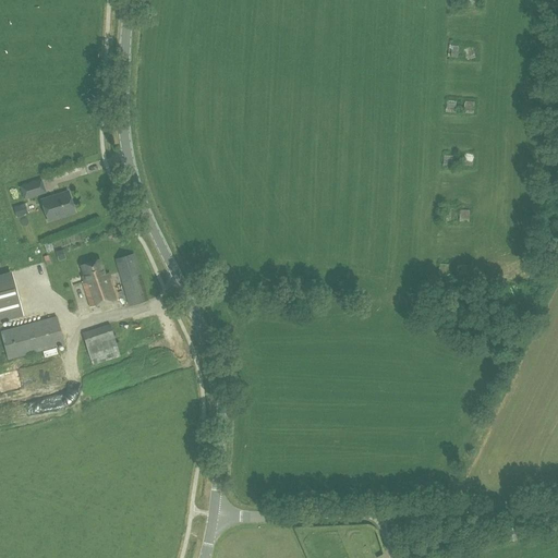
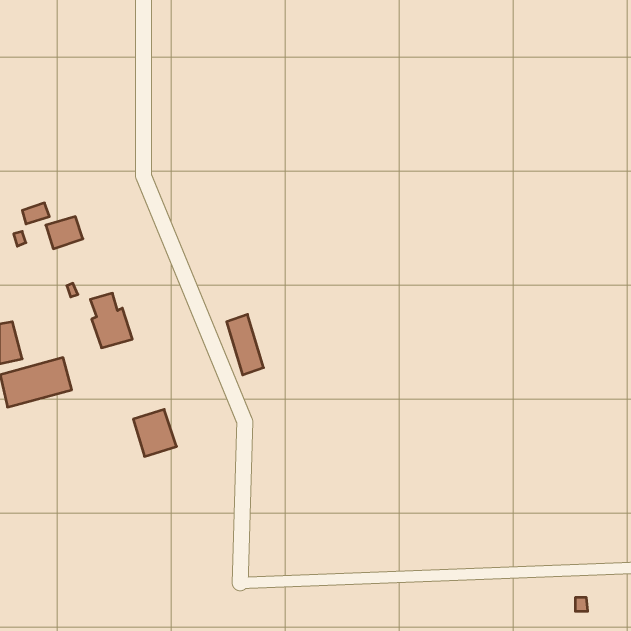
building: [114,252,147,305] -> [227,314,264,375]
building: [82,323,120,364] -> [133,409,177,456]

